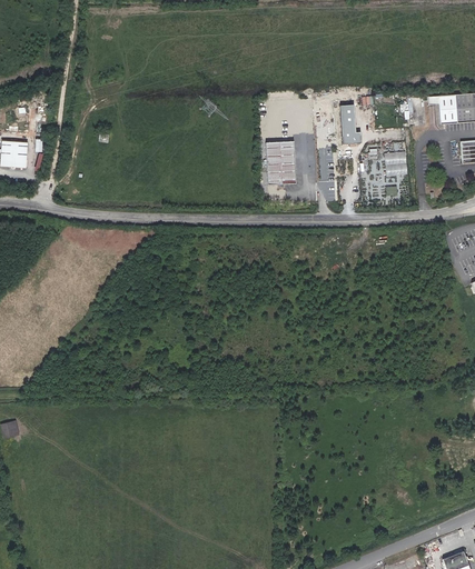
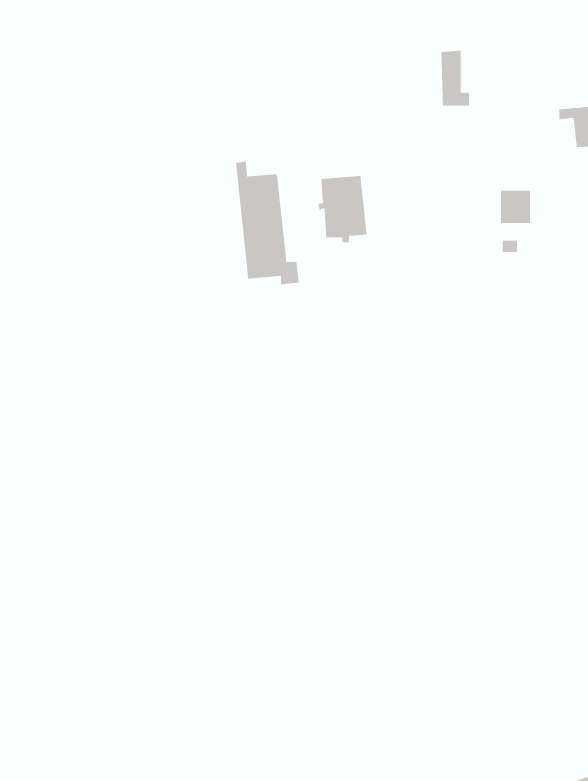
building: [346,103,366,142] -> [441,50,470,106]
building: none -> [235,160,300,285]

